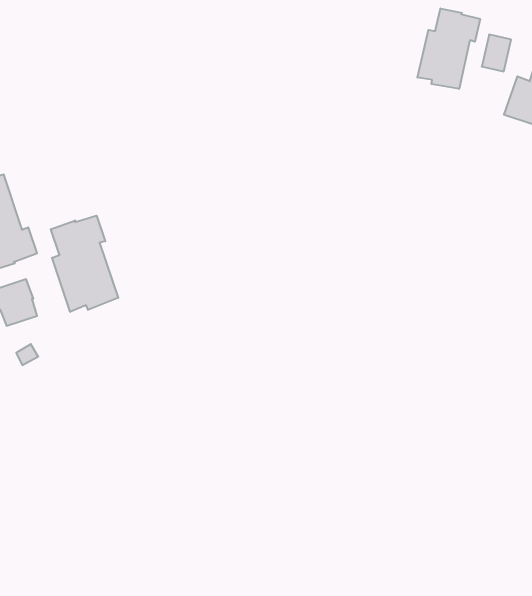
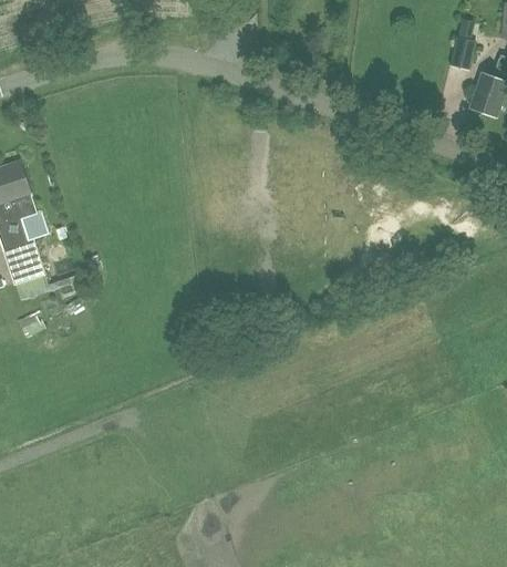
building: [417,8,480,89] -> none
building: [51,216,118,312] -> none

